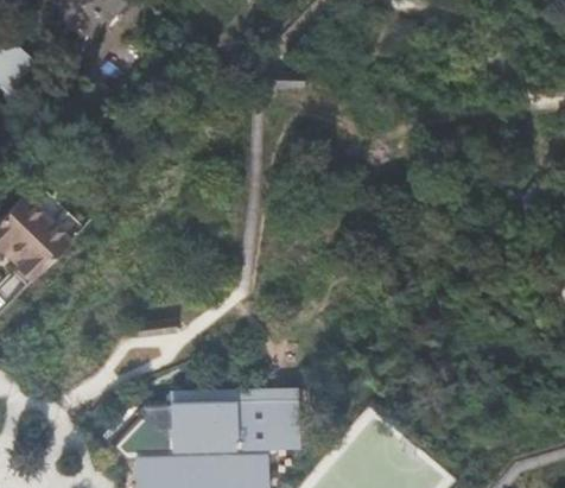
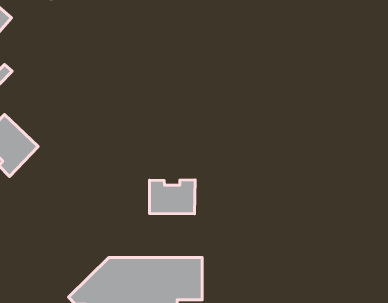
building: none -> [149,180,195,214]

